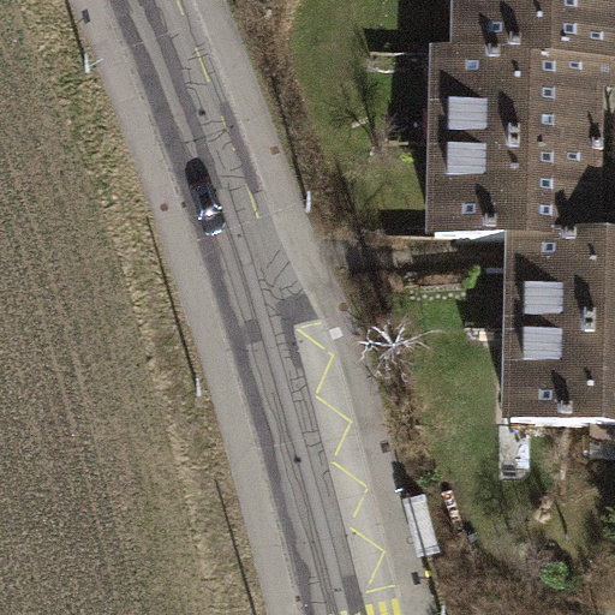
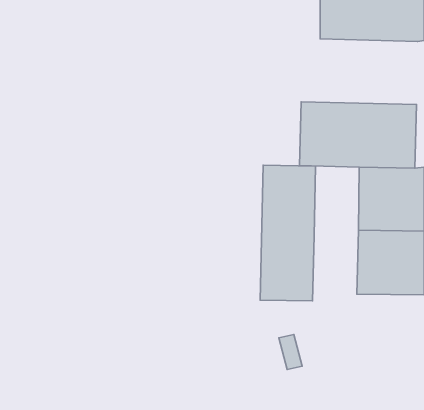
building: [436,56,604,151] -> none
building: none -> [260,165,315,301]

